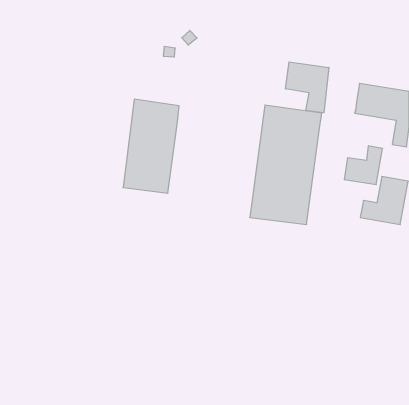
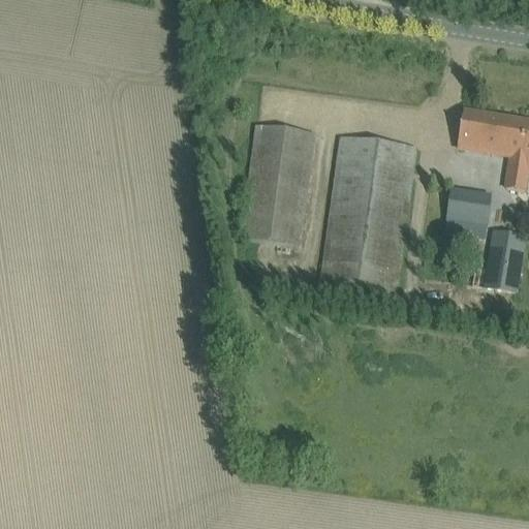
building: [285,62,329,113] -> none
building: [123,99,179,193] -> [242,123,314,244]

